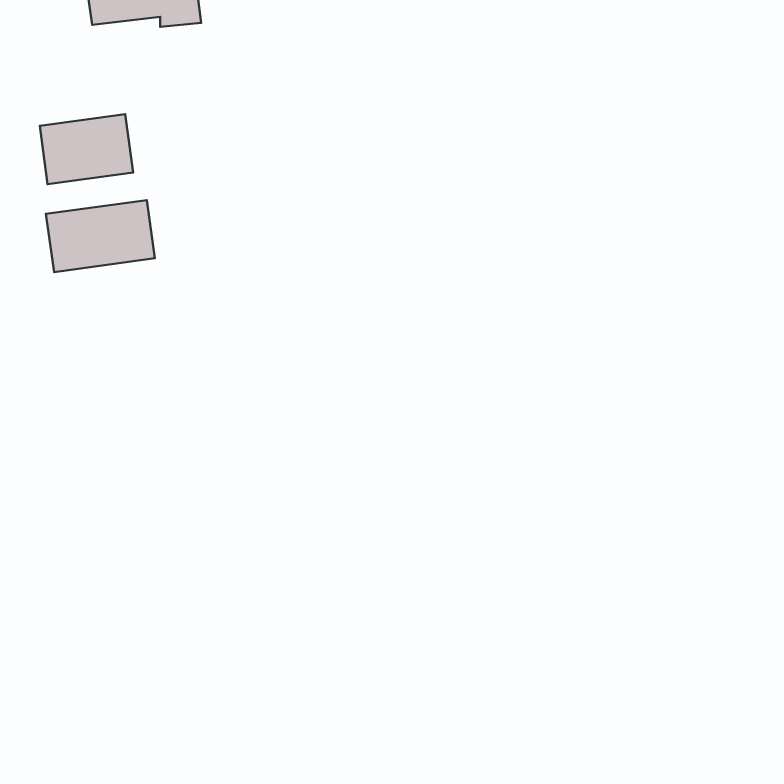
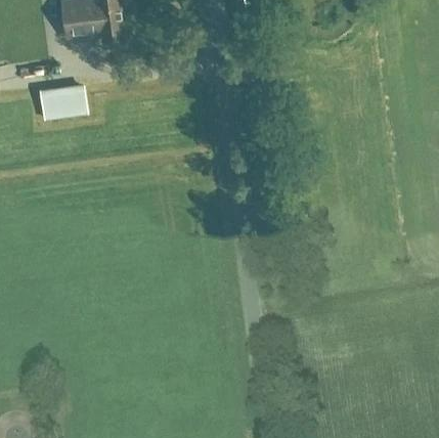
building: [46,200,155,272] -> none

